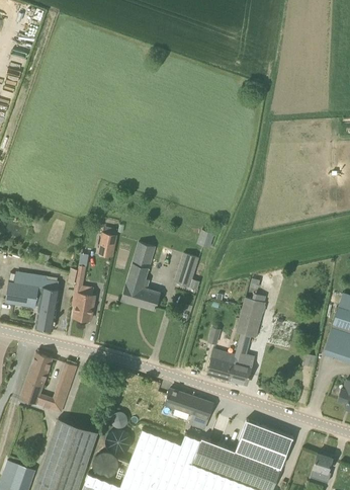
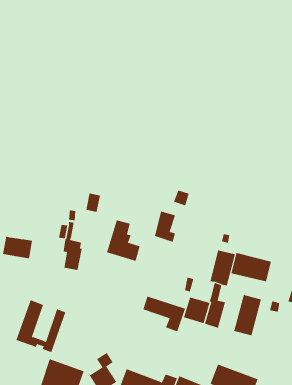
building: [133,241,156,267] -> none
building: [27,273,59,330] -> none
building: none -> [231,252,272,283]
building: none -> [233,294,262,336]
building: [165,389,213,429] -> [142,296,186,332]

